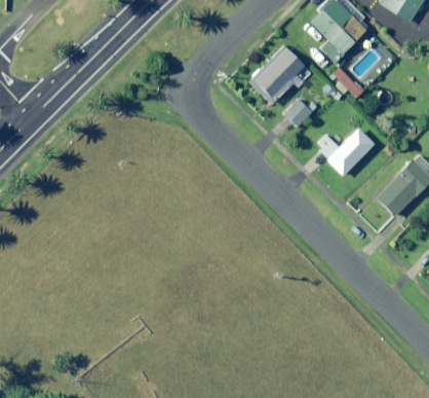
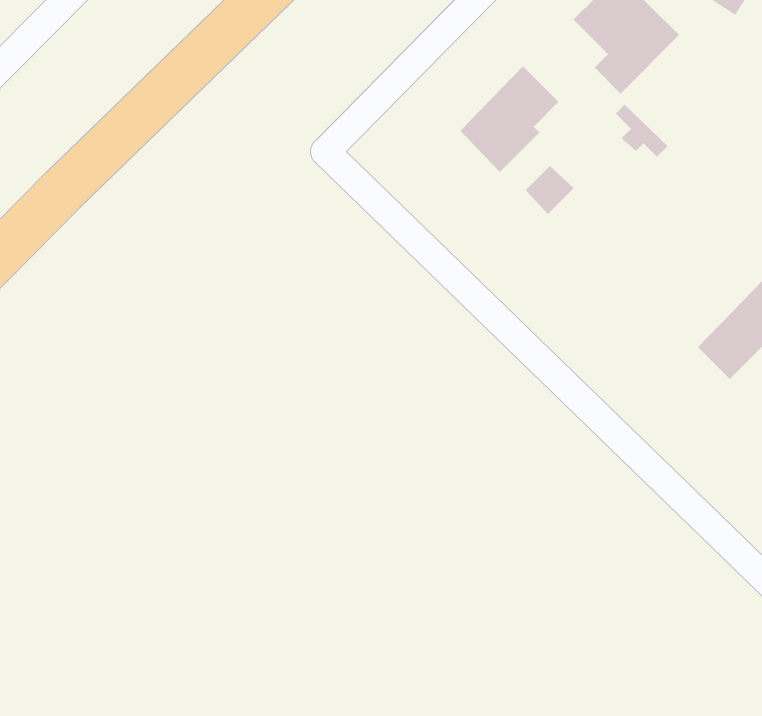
building: [320,128,376,175] -> none

